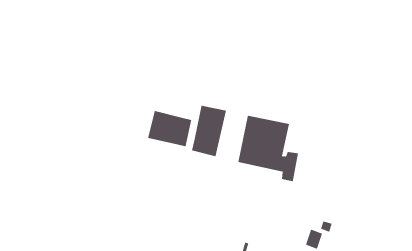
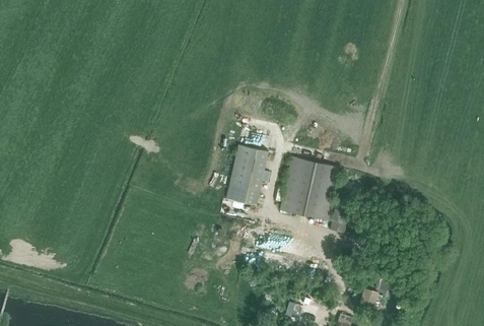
building: [147,110,192,147] -> none

